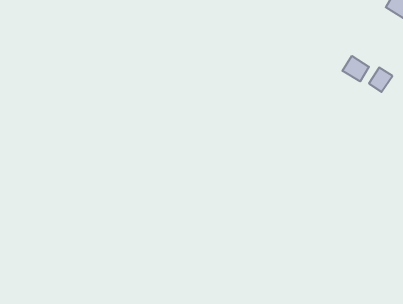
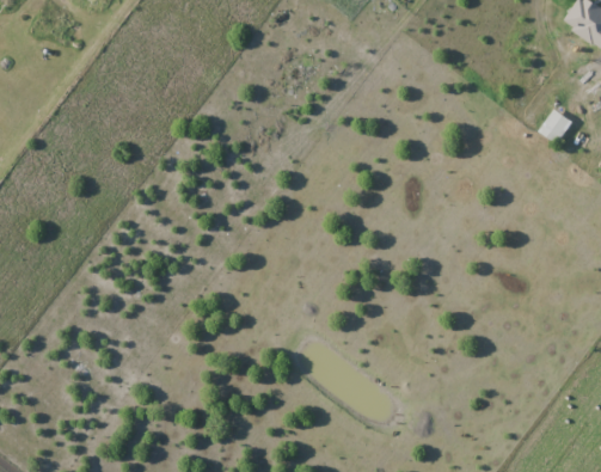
building: [342,56,369,81] -> none

